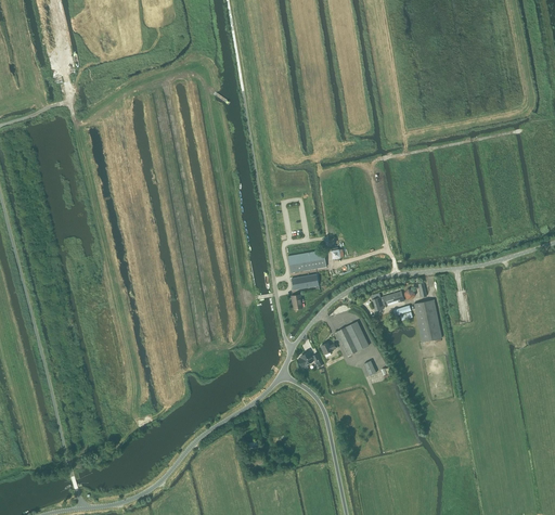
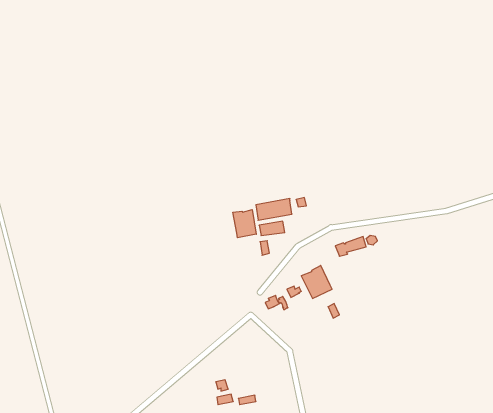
building: none -> [233,210,256,238]
building: [414,299,442,342] -> none

